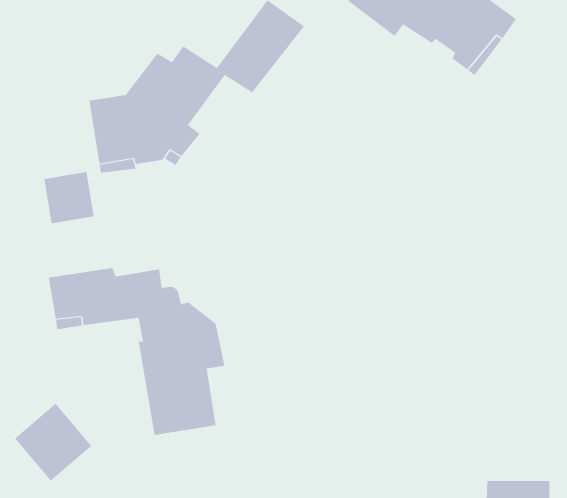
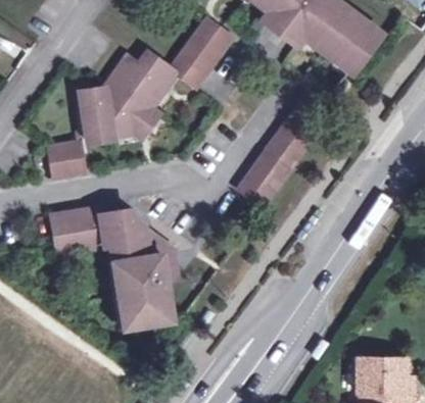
building: none -> [238,97,328,205]
building: [14,403,92,481] -> none

